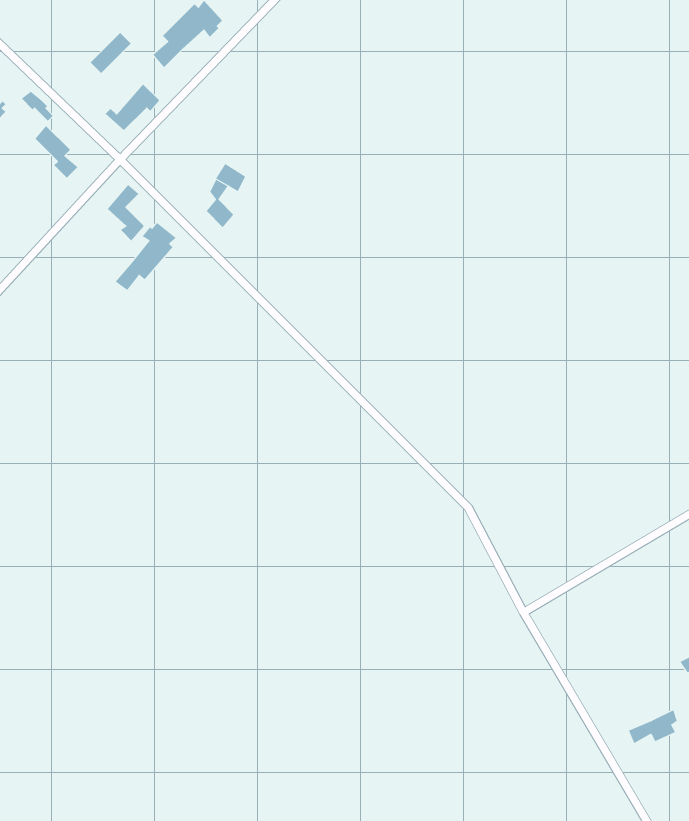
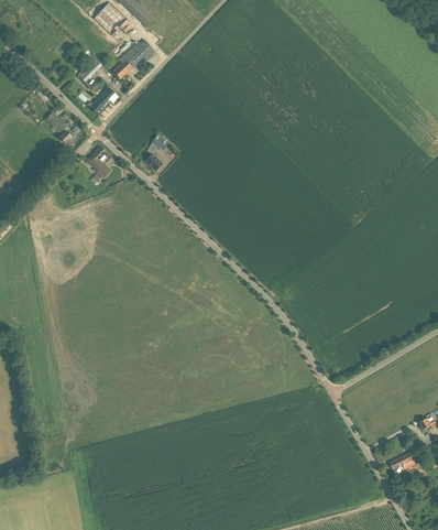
building: [115,222,177,291] -> none

